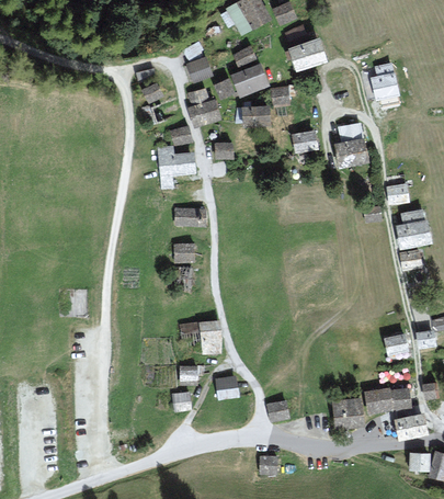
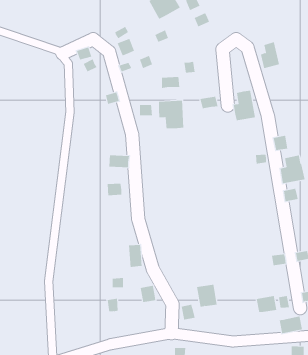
building: [288,37,323,66] -> none
building: [231,63,267,94] -> none
building: [190,100,219,124] -> none
building: none -> [158,100,184,129]
building: [158,147,194,184] -> none
building: [333,397,361,427] -> [196,284,218,307]

